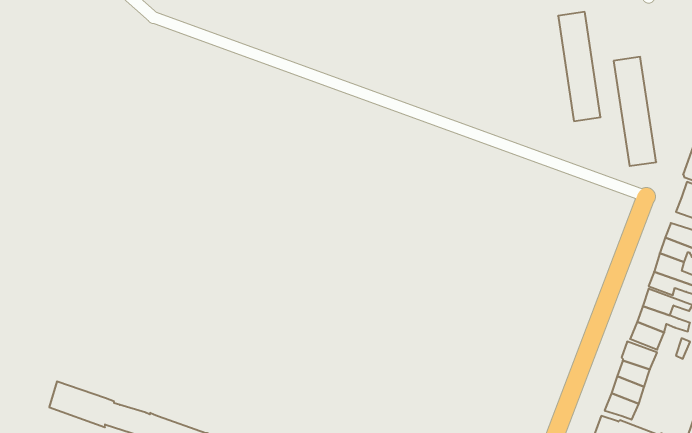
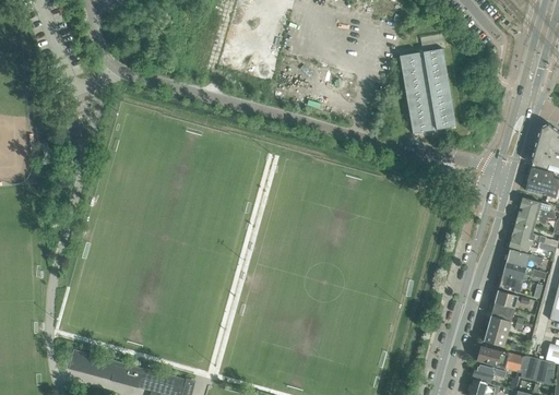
building: [614,57,656,166] -> [403,51,440,133]

